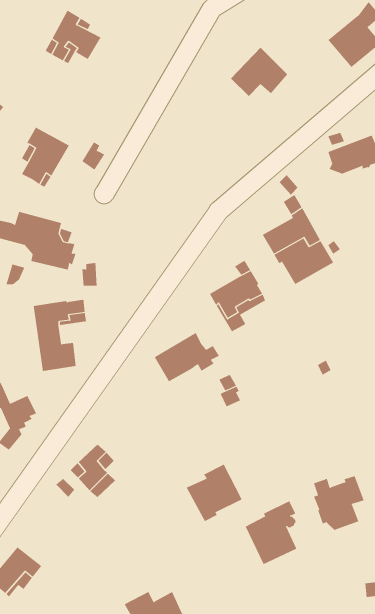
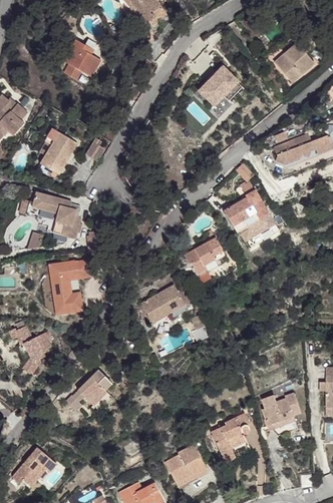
building: [186,464,242,522] -> [164,444,208,488]

